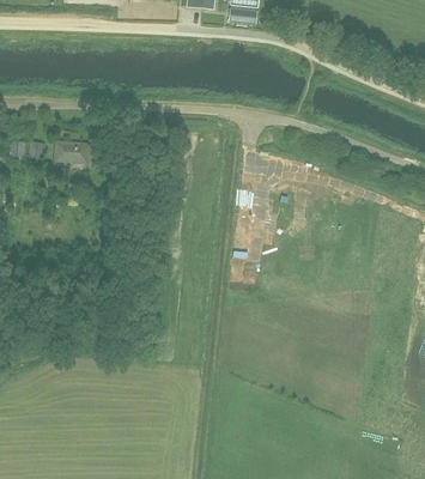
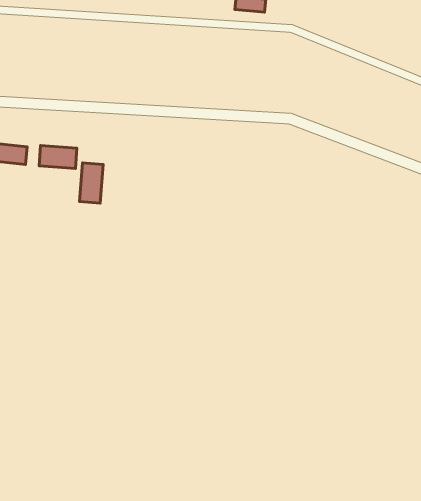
building: none -> [80,163,103,203]

